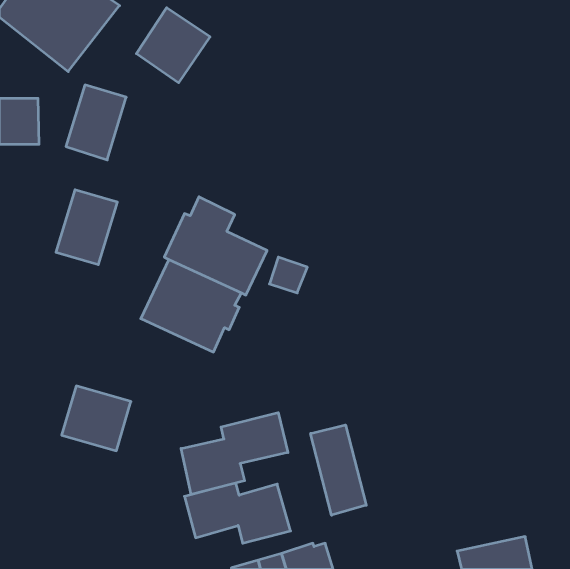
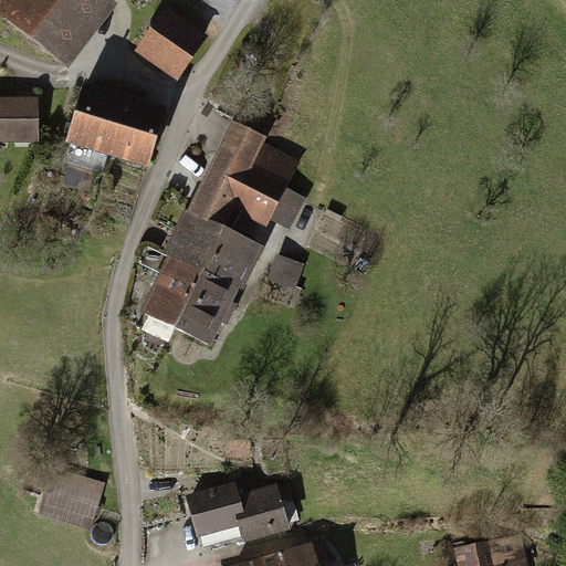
building: none -> [197,122,306,230]
building: [56,190,117,265] -> [106,96,167,170]
building: [62,386,131,451] -> [36,467,105,531]
building: [181,413,288,494] -> none
building: [311,425,366,515] -> none

